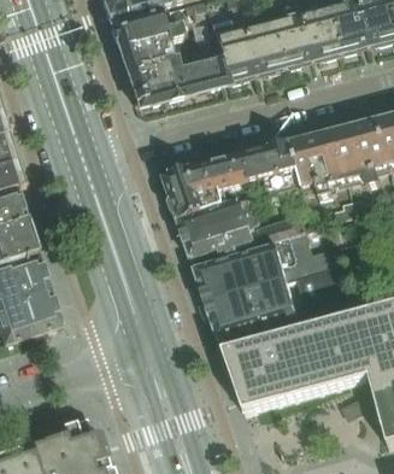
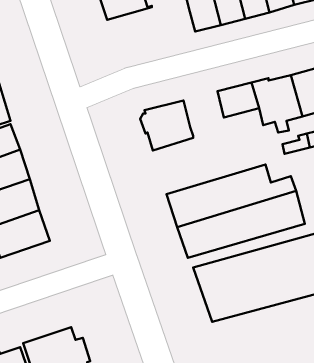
building: [128,54,228,103] -> none
building: [214,150,260,191] -> none
building: [178,195,308,259] -> none

